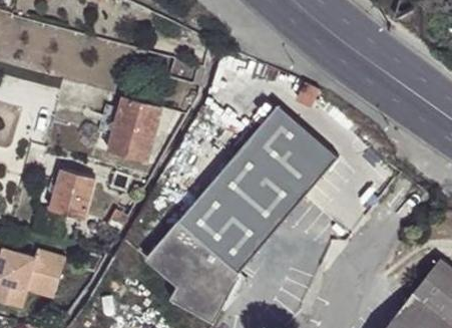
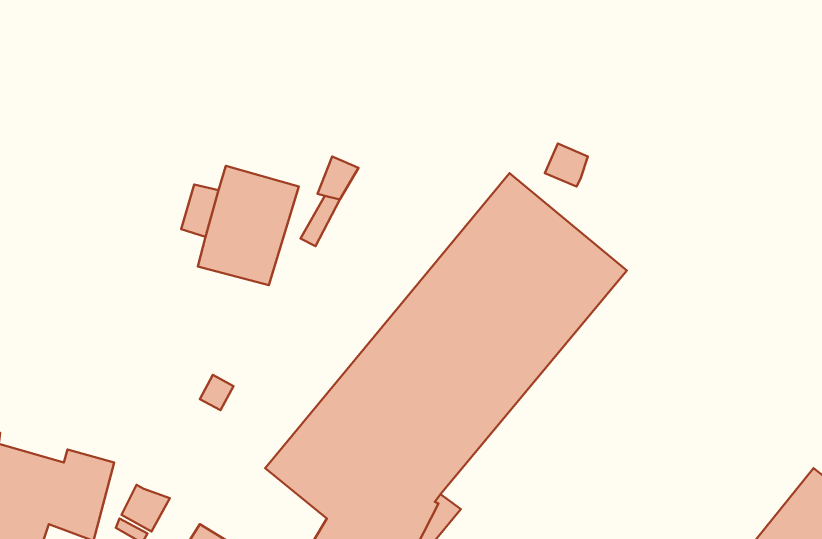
building: [48,167,96,220] -> none

